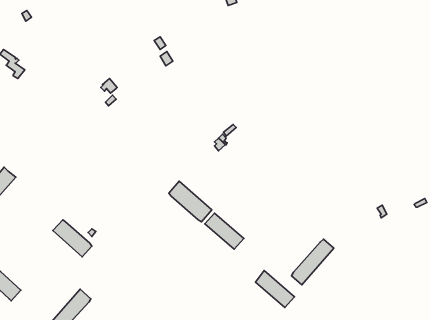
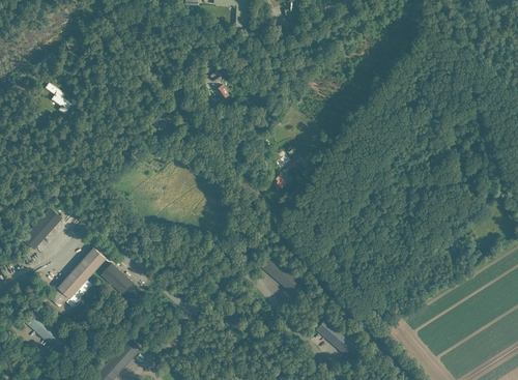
building: [169,181,212,222] -> none
building: none -> [50,247,106,308]
building: [291,239,334,285] -> none

